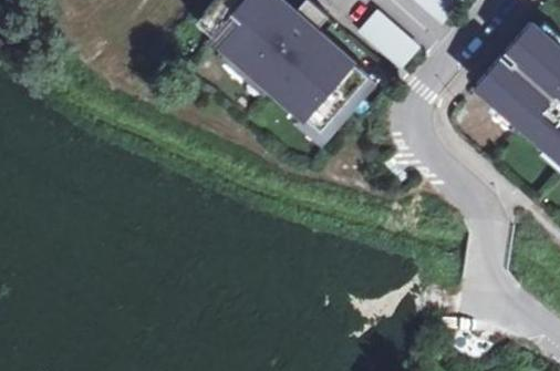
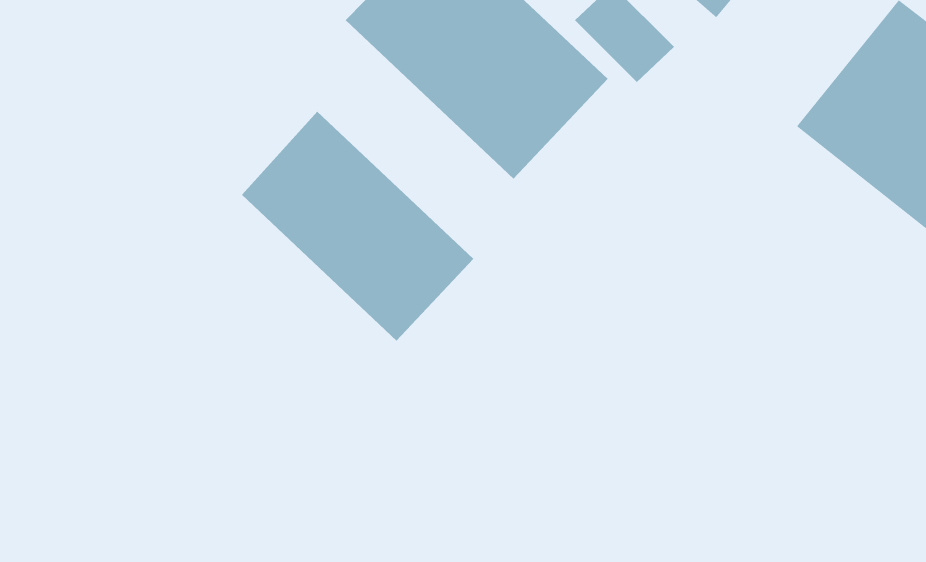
building: none -> [241,111,474,341]

